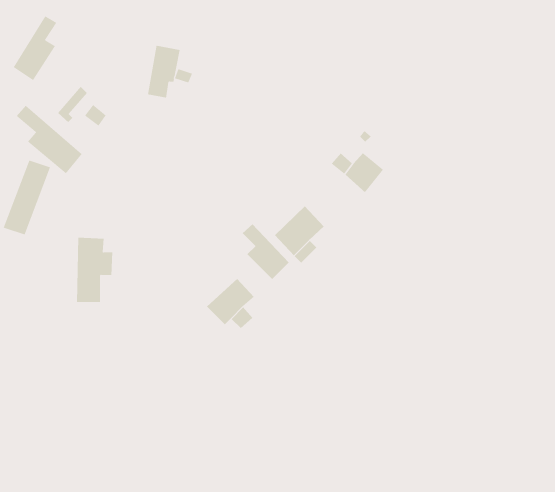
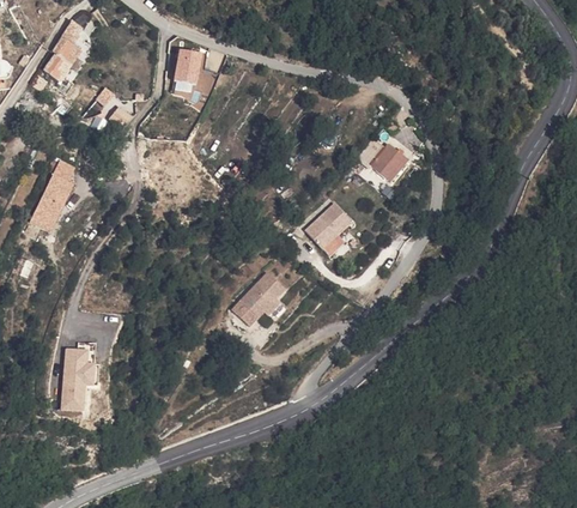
building: [16,105,82,174] -> none
building: [242,224,290,280] -> none
building: [76,237,113,303] -> [62,346,98,410]

